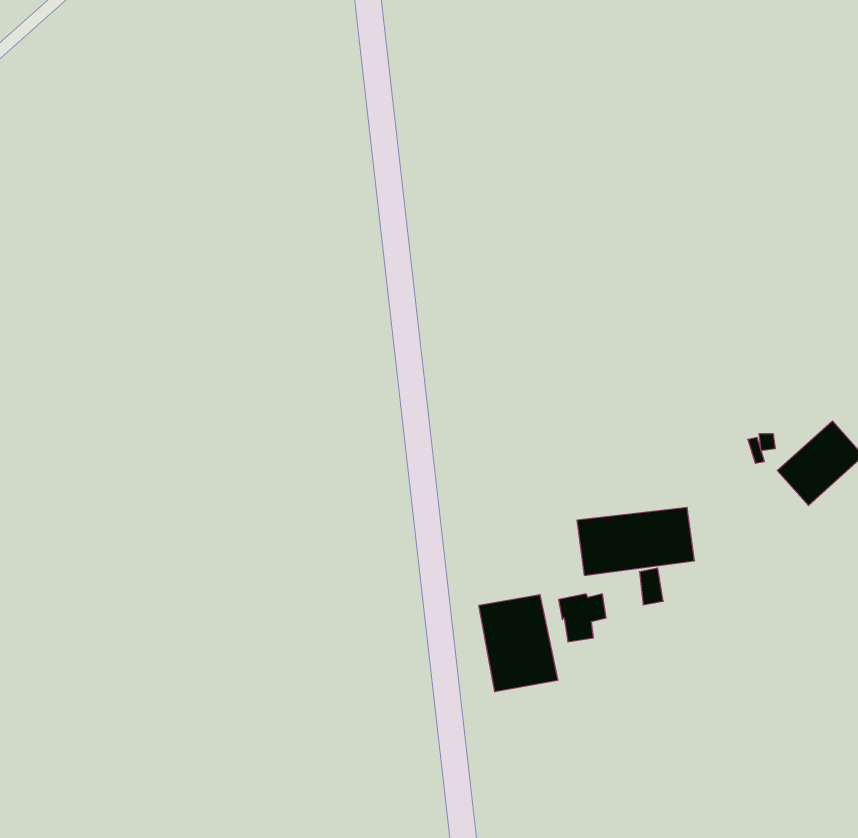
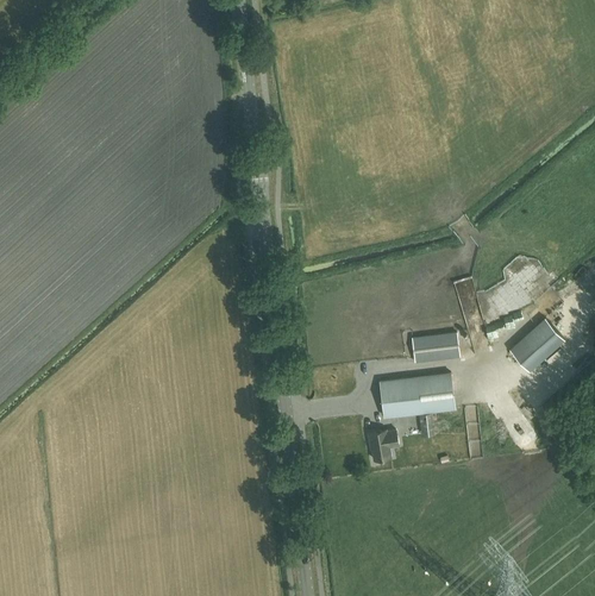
building: none -> [412,333,458,360]
building: [479,594,558,692] -> none

